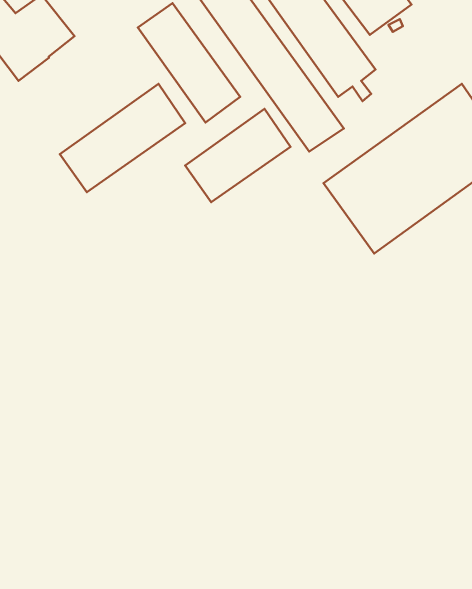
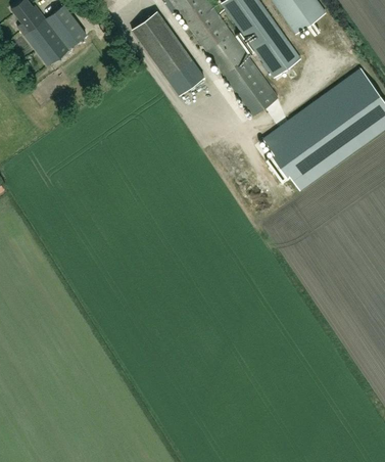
building: [60,84,185,192] -> none
building: [185,109,290,202] -> none

